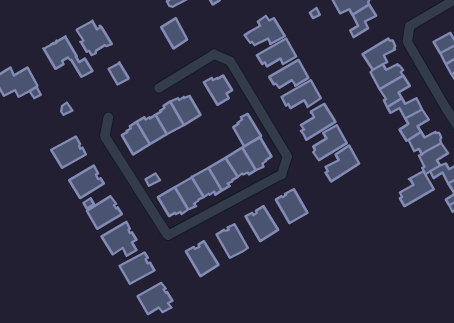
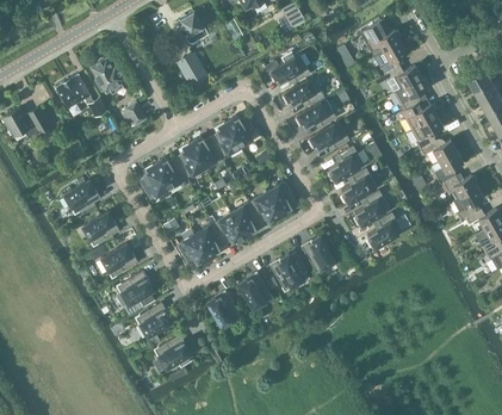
building: none -> [384,66,421,93]
building: [233,114,261,146] -> [210,123,240,157]
building: [400,171,434,206] -> [367,212,403,249]

